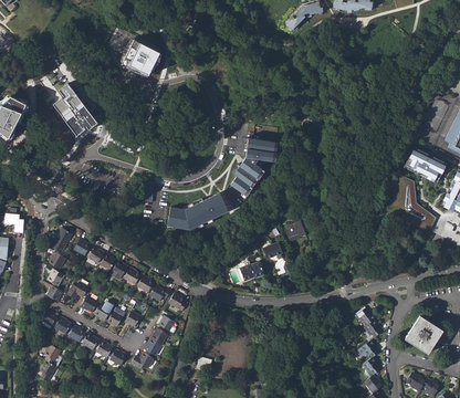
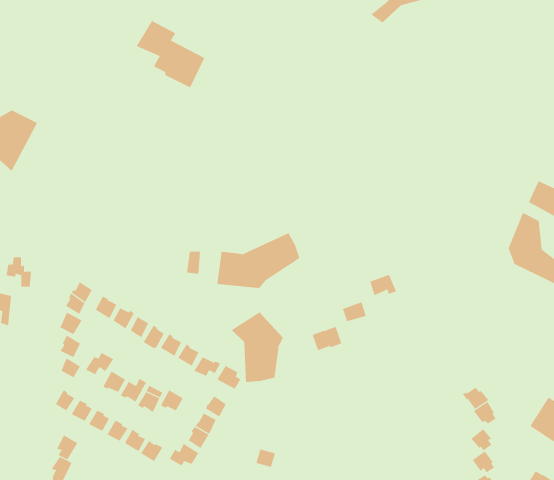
building: [55,85,102,136] -> none
building: [231,138,279,195] -> none
building: none -> [231,312,284,383]

